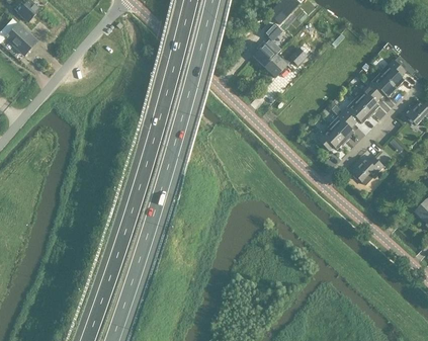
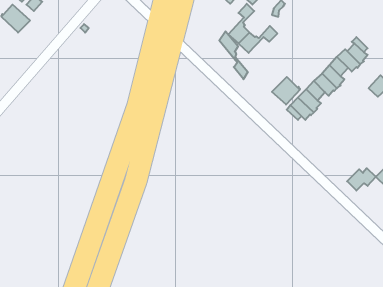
building: none -> [219,31,248,79]
building: none -> [272,77,300,105]
building: [352,158,383,182] -> [347,168,376,191]

